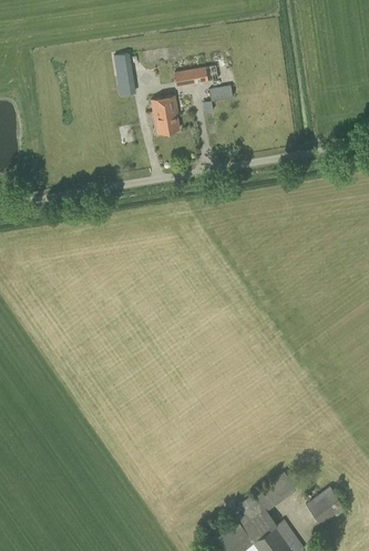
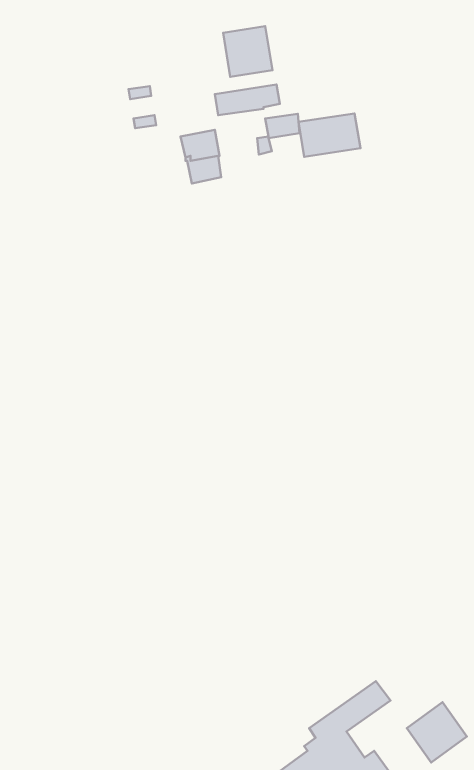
building: none -> [223,26,272,77]
building: none -> [298,114,360,157]

